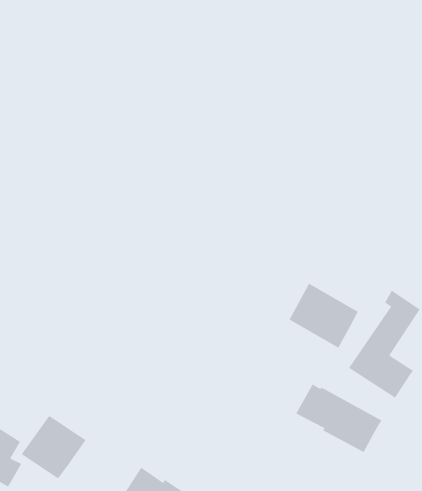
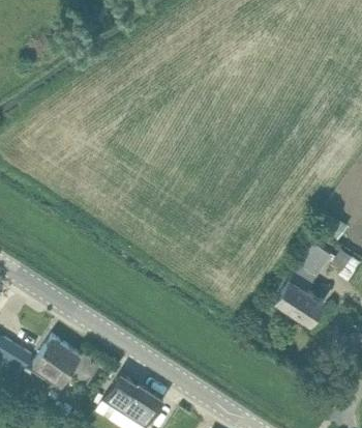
building: [289,283,359,349] -> none
building: [296,383,382,453] -> none

